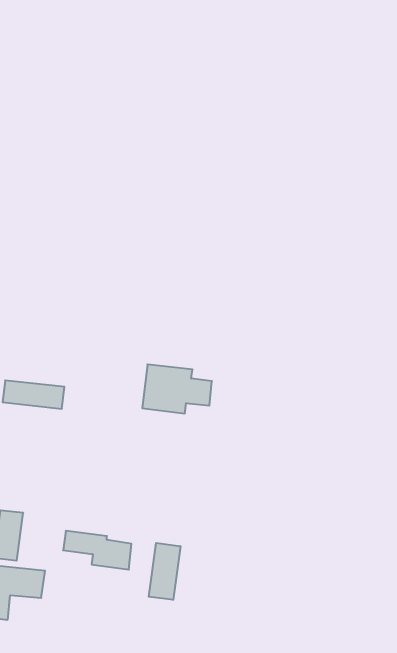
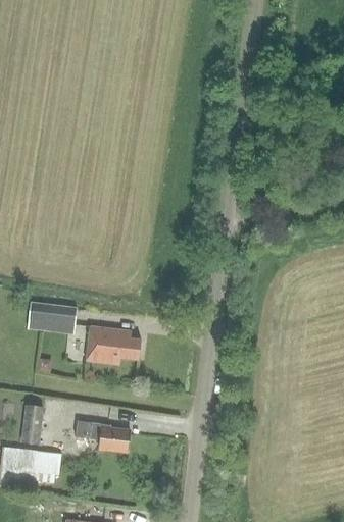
building: [142,364,212,413] -> [86,326,141,365]
building: [149,543,180,600] -> none

